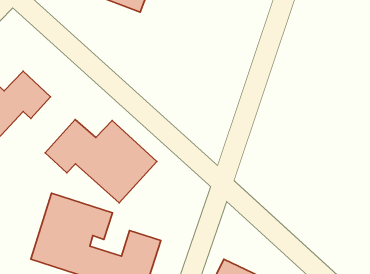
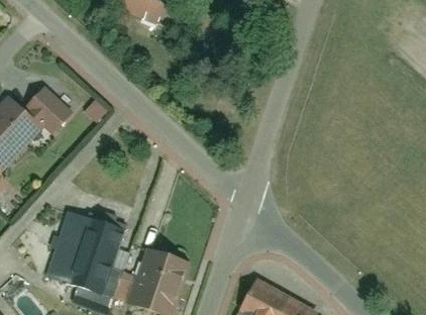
building: [45,119,157,203] -> none

